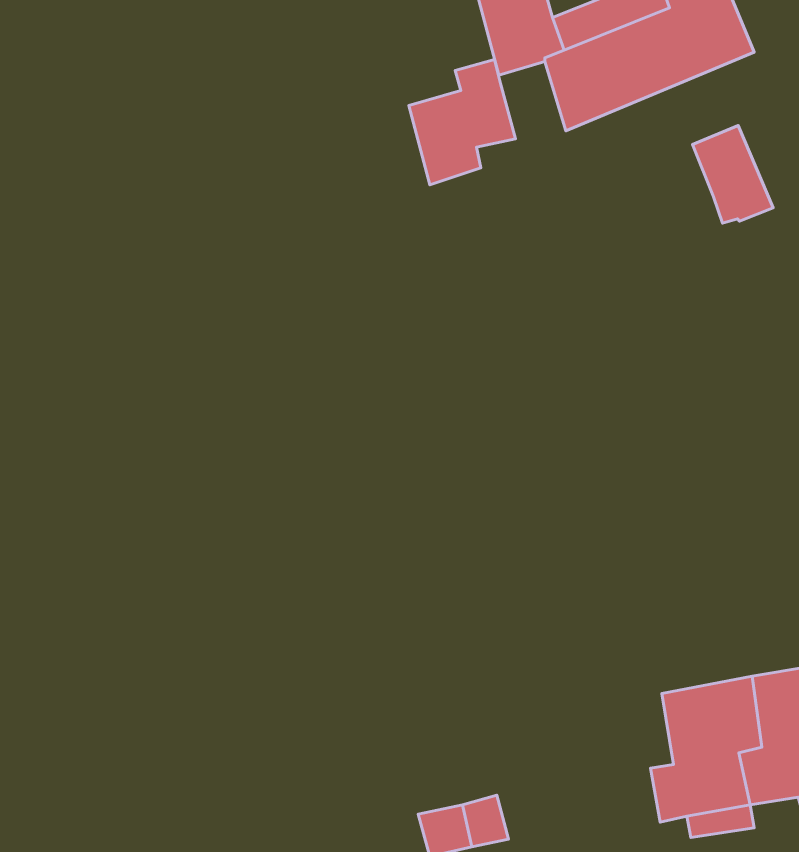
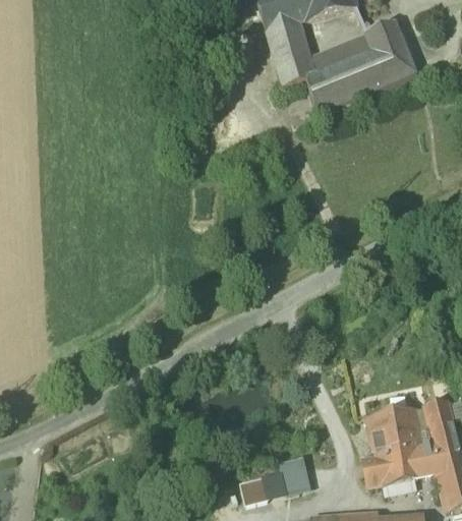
building: [409,60,515,185] -> none
building: [693,126,773,223] -> none
building: none -> [278,451,311,491]

